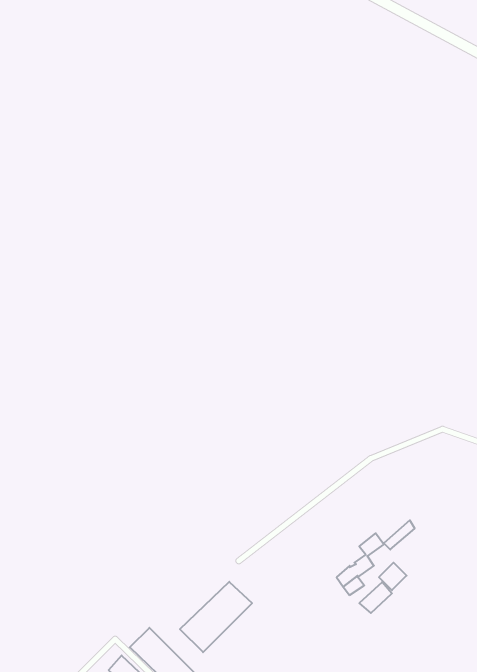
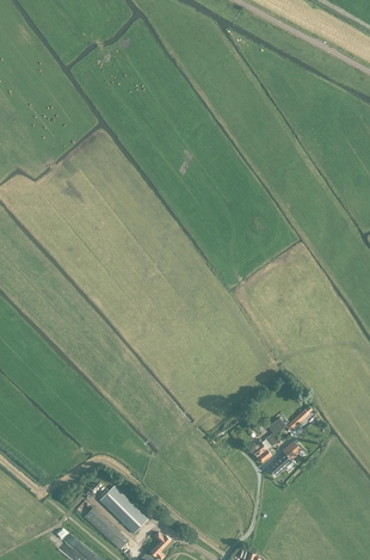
building: [180,582,252,652] -> none

